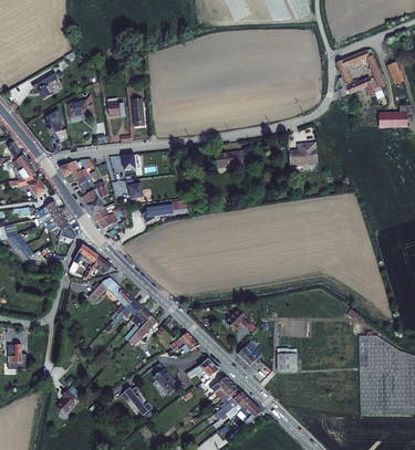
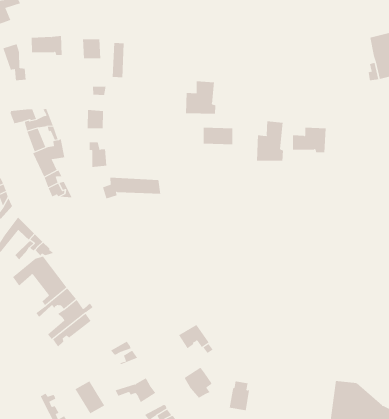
building: none -> [186,81,216,114]
building: none -> [256,121,284,162]

